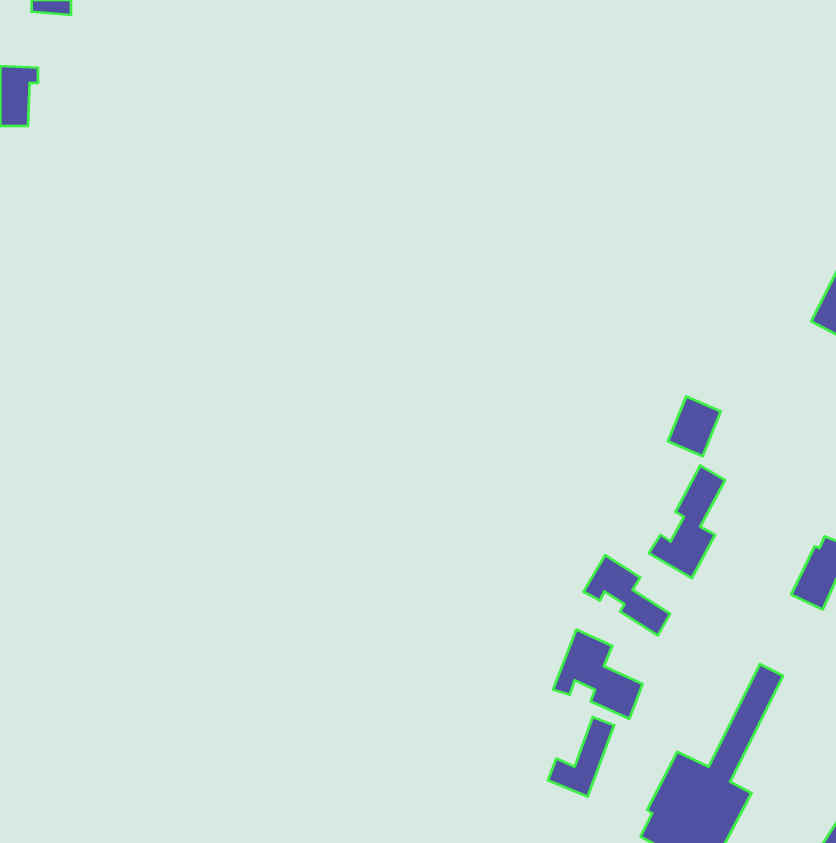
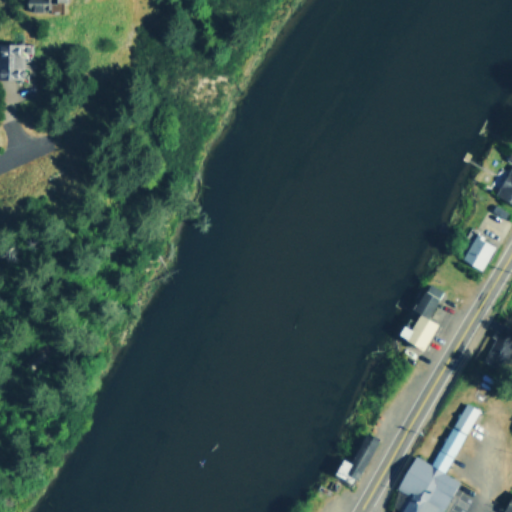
building: [668,397,721,456] -> [464,235,496,271]
building: [584,555,670,635] -> none
building: [553,630,642,719] -> none

